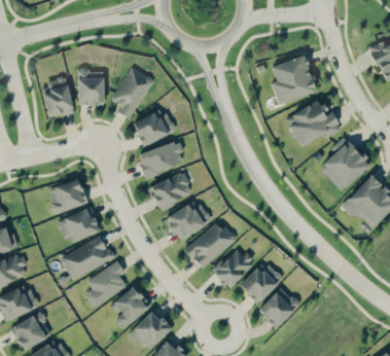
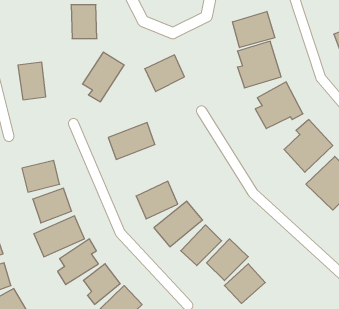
building: none -> [233,11,275,48]
building: [77,70,104,105] -> [71,5,97,39]
building: [133,108,174,146] -> [145,55,184,92]
building: [149,172,193,210] -> none

